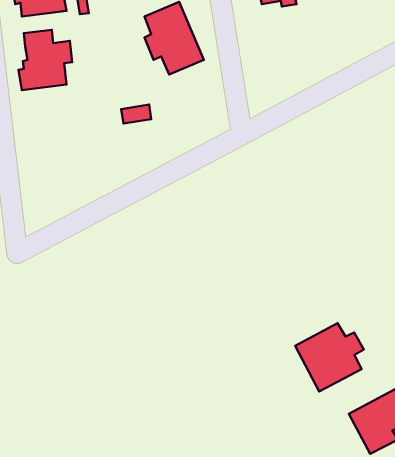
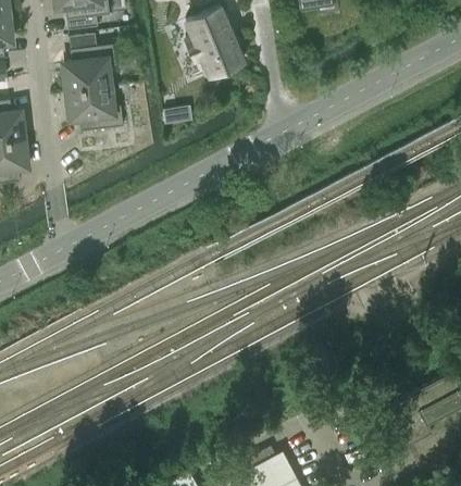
building: none -> [67,86,124,132]
building: [295,323,364,392] -> none

